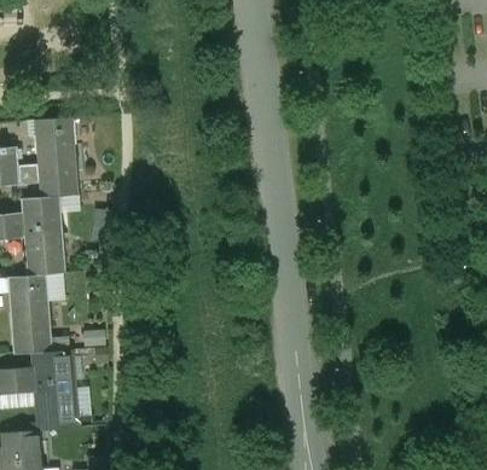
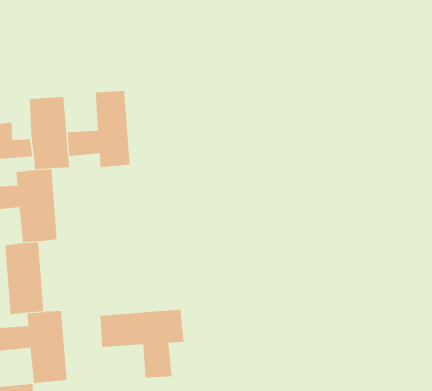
building: none -> [67,90,130,168]
building: none -> [100,309,184,379]

